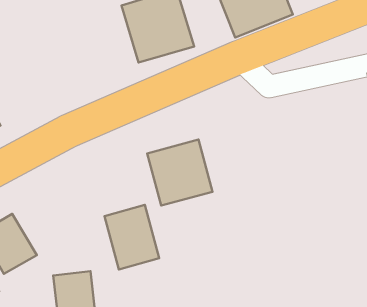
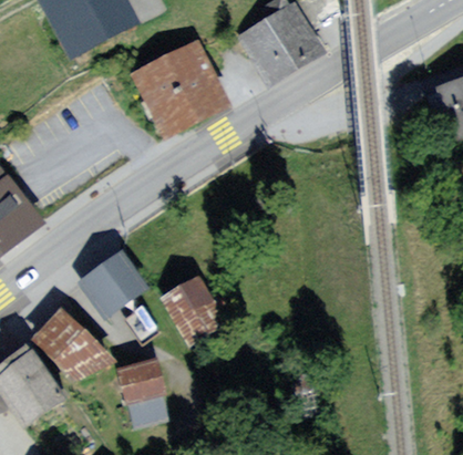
building: [147,140,213,206] -> none
building: none -> [78,251,150,321]

